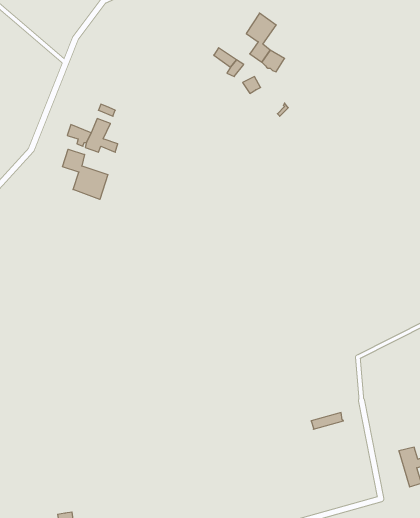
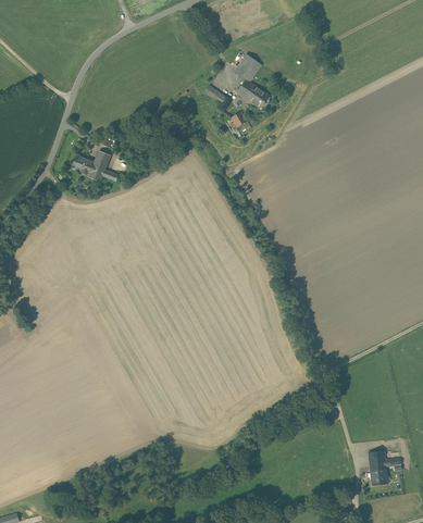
building: [62,149,108,199] -> none

